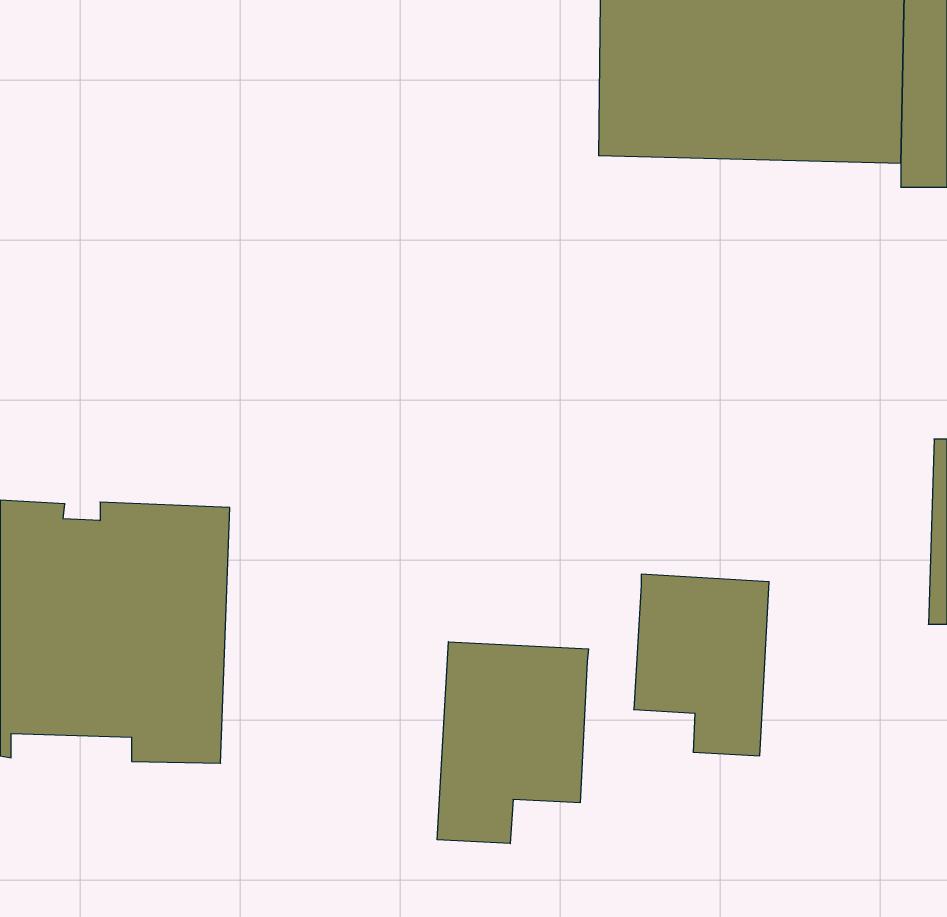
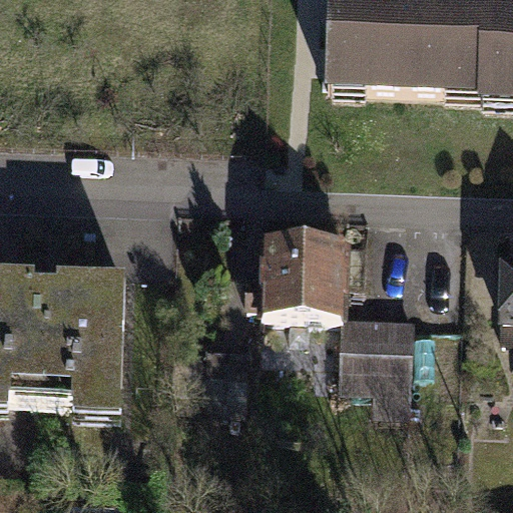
building: none -> [261,238,351,317]
building: [437,642,589,844] -> none

